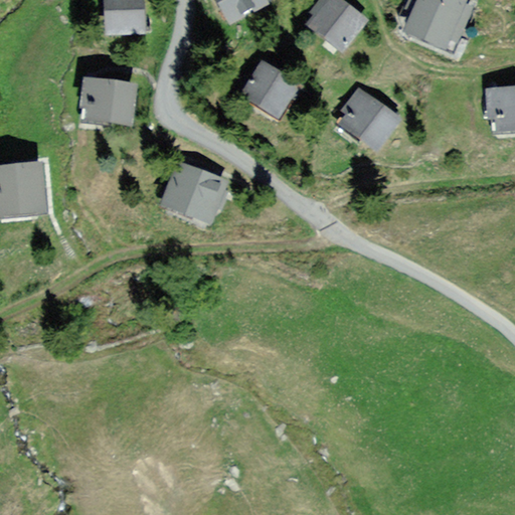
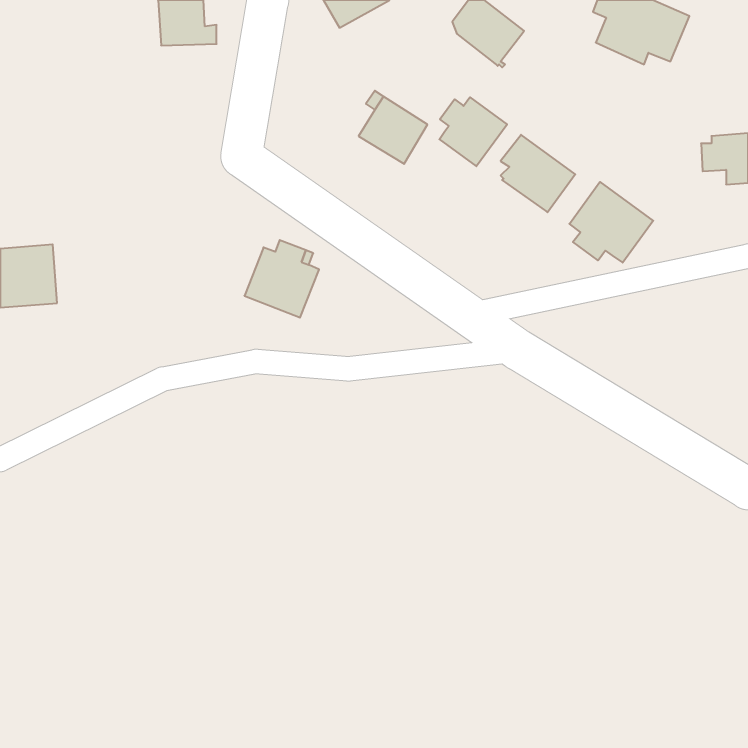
building: none -> [439,97,507,166]
building: [84,83,131,121] -> none
building: none -> [569,182,653,263]

